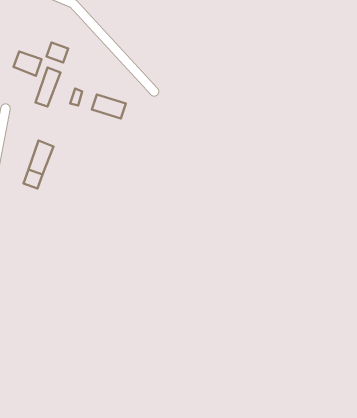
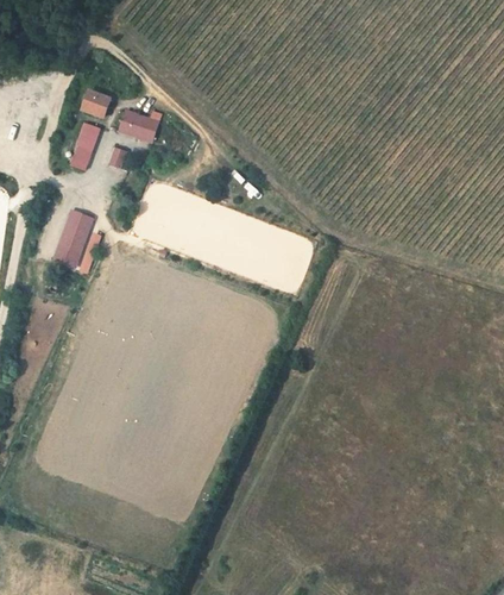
building: [14,52,41,76] -> none
building: [92,95,126,119] -> [119,112,159,140]

